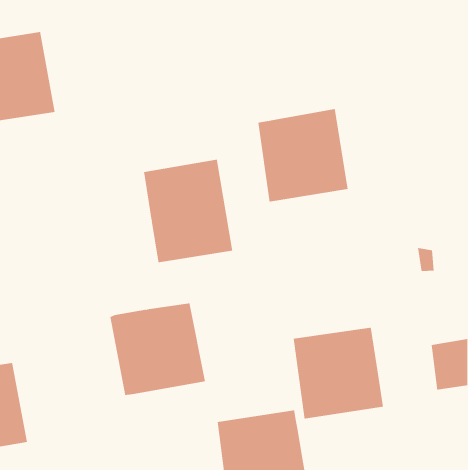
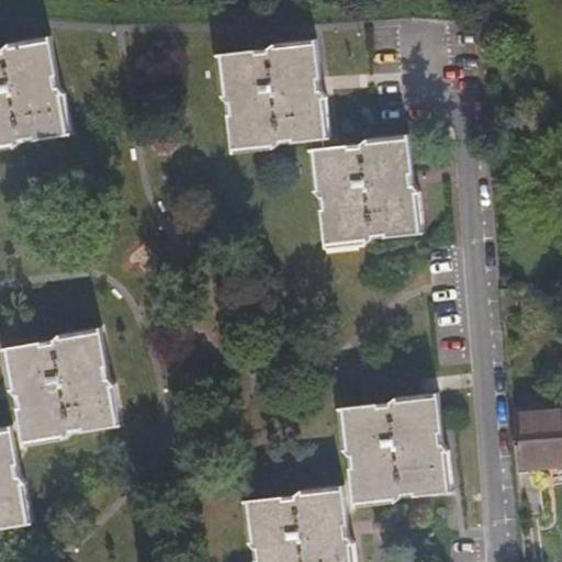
building: none -> [206,43,317,154]
building: [143,159,233,263] -> none
building: [110,303,206,395] -> [9,335,123,445]

